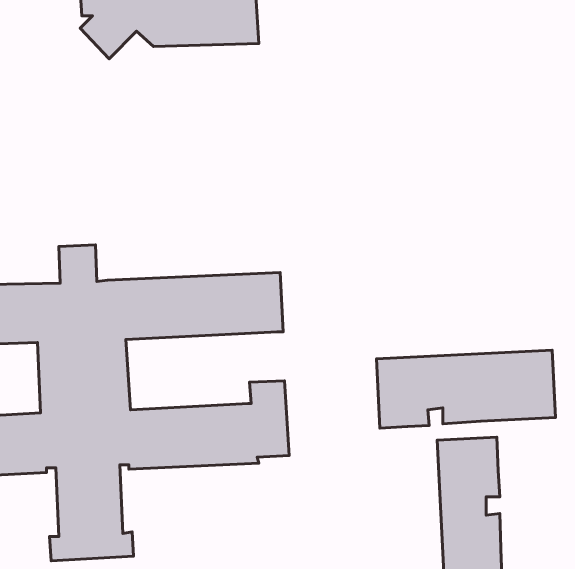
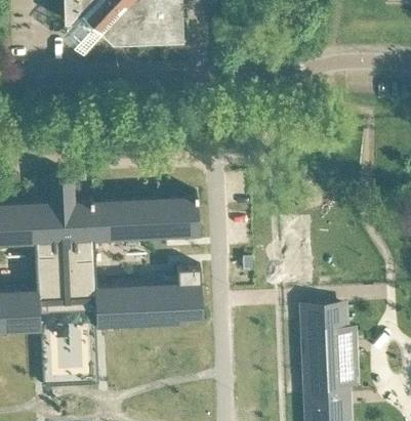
building: [376,350,555,428] -> none

